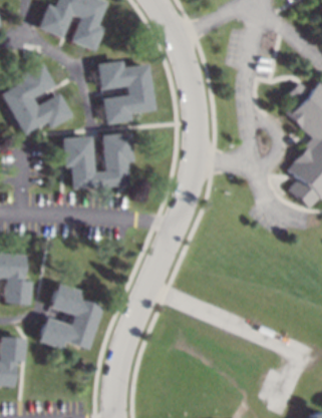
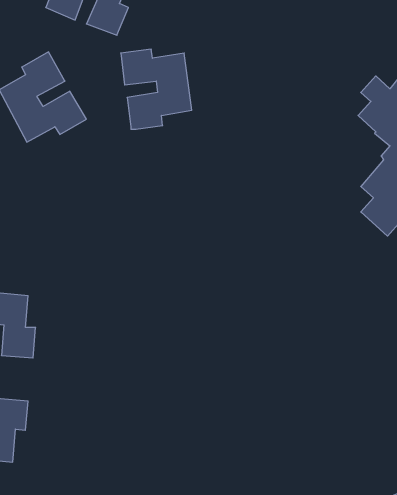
building: [63,133,132,188] -> none
building: [39,284,102,349] -> none

